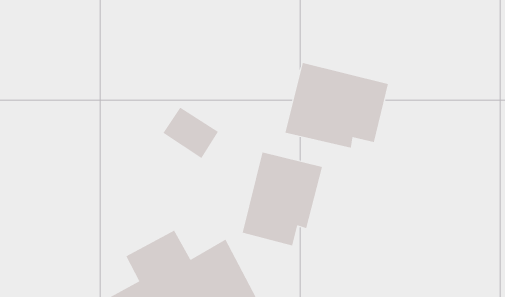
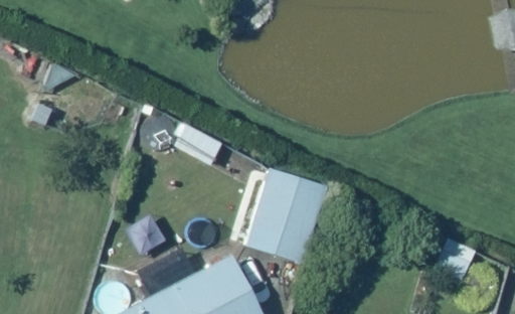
building: [285,62,389,149] -> none

